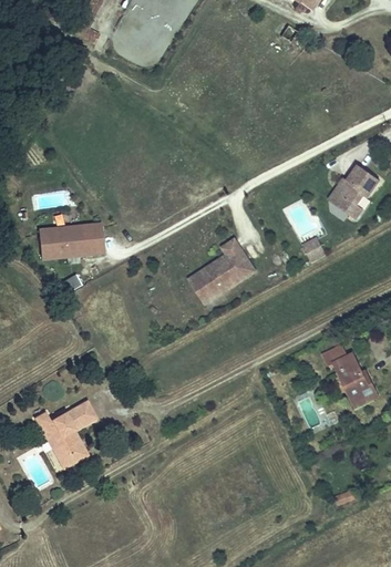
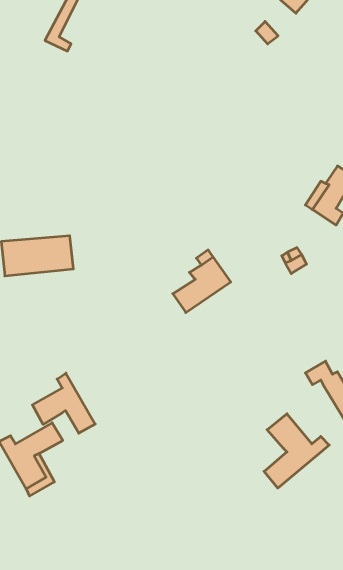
building: [187,259,219,301] -> none
building: none -> [32,373,95,433]
building: none -> [264,414,329,488]

